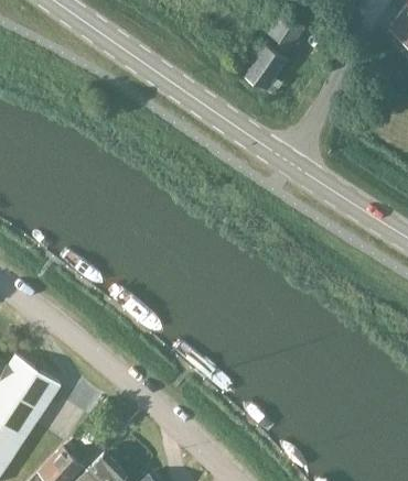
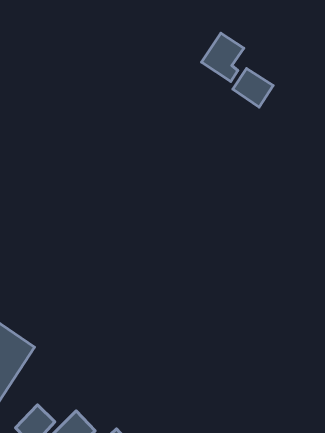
building: [267,12,305,51] -> none
building: none -> [233,68,273,107]

